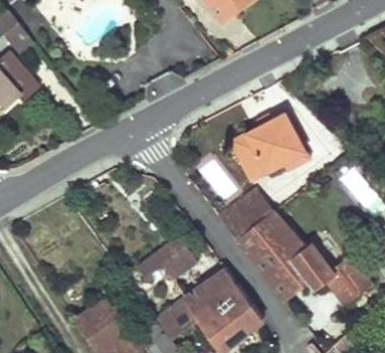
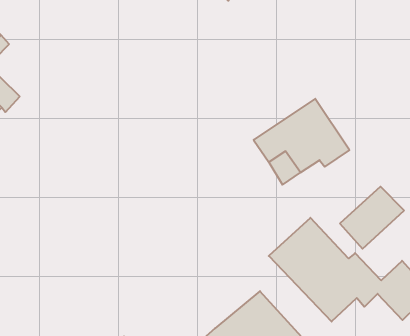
building: [219,188,274,239] -> [340,187,404,249]
building: [135,235,196,280] -> none

